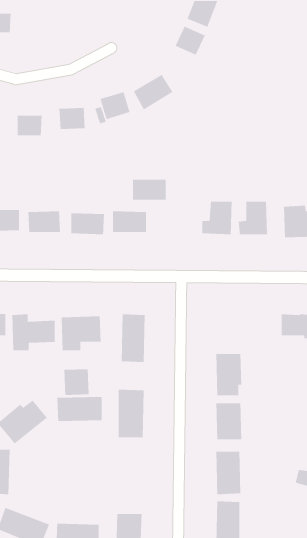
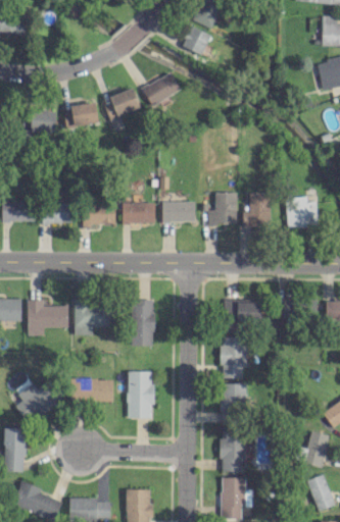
building: [132,179,166,200] -> [162,202,195,222]
building: none -> [224,300,261,325]
building: [64,368,89,396] -> none

